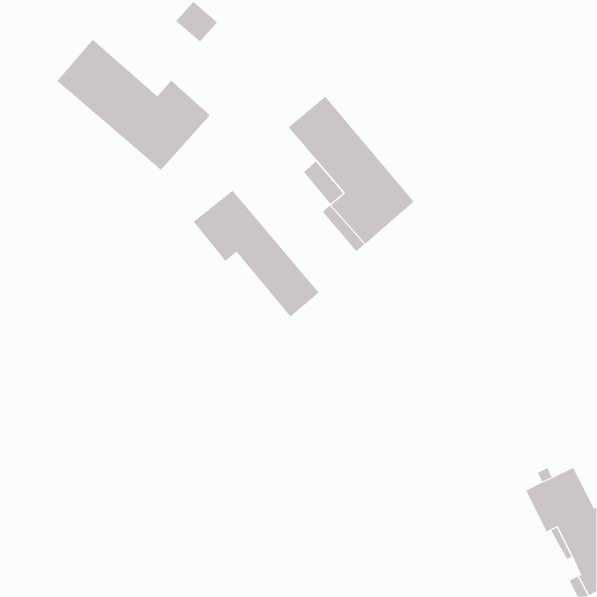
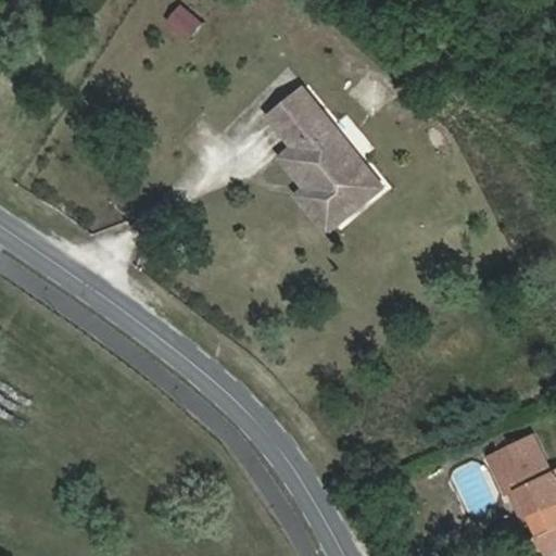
building: [56,39,210,171] -> none
building: [193,190,319,317] -> none

